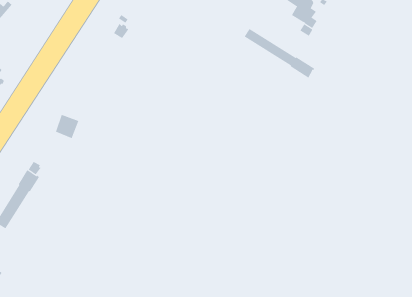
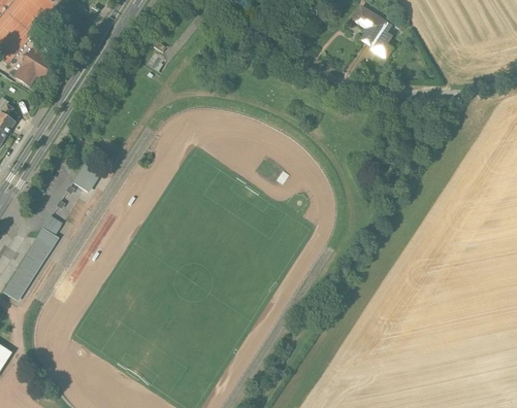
building: none -> [14,47,52,83]
building: [244,28,315,79] -> none

